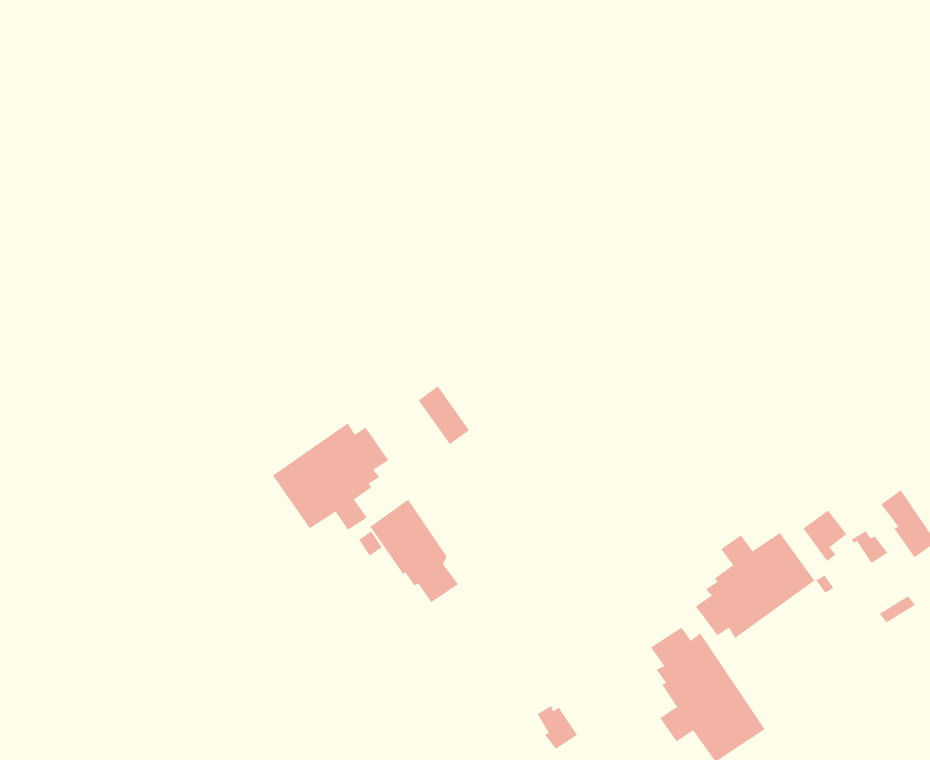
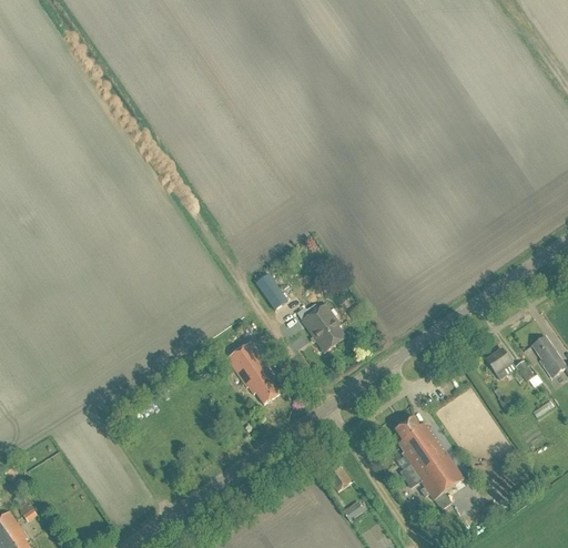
building: [272,423,389,531] -> none
building: none -> [301,302,345,349]
building: [695,532,815,639] -> none

